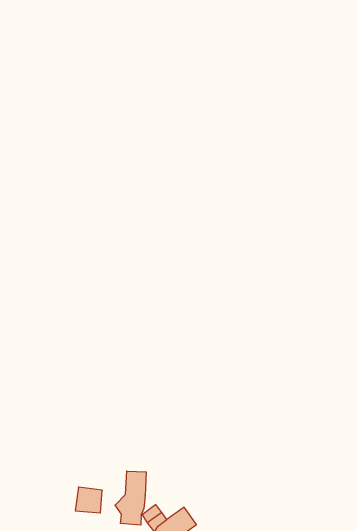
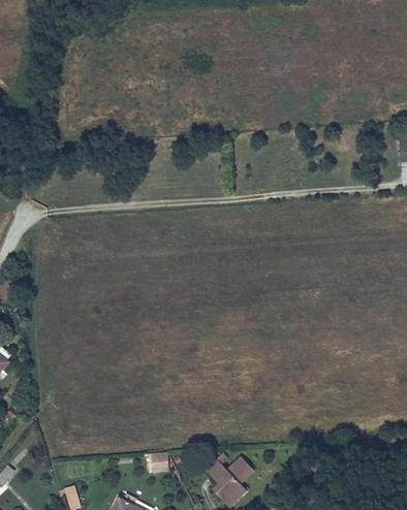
building: [115,471,146,525] -> none

